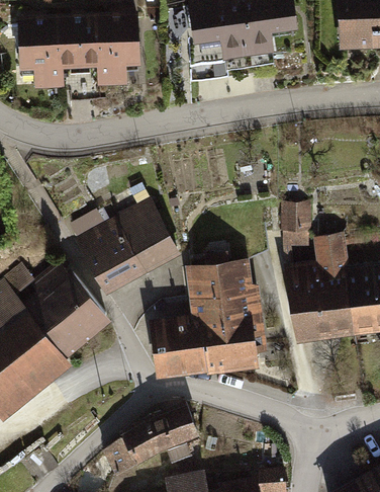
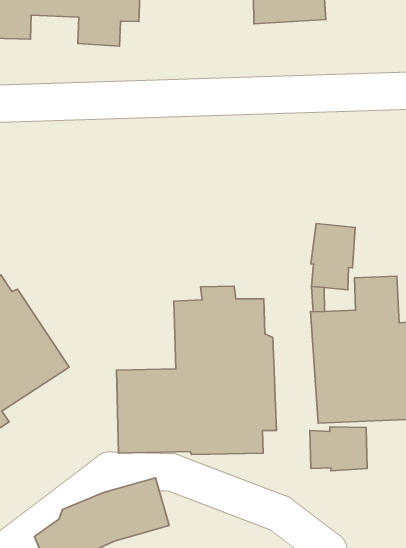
building: [71,197,182,298] -> none
building: none -> [310,427,367,471]

